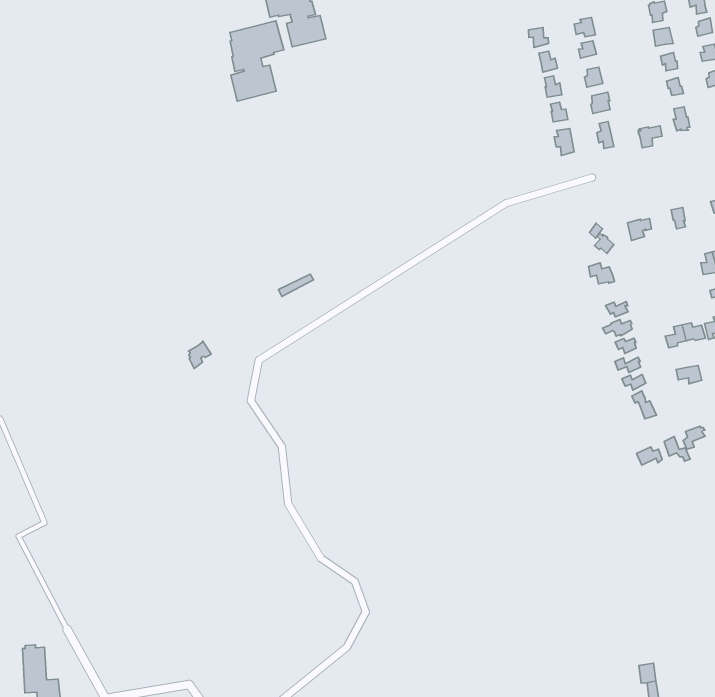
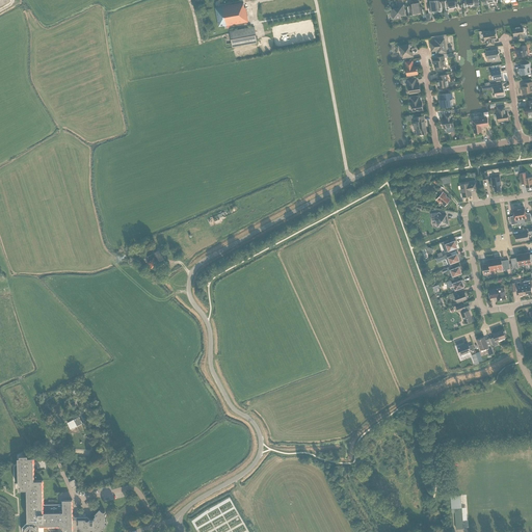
building: [230,21,284,101] -> none

